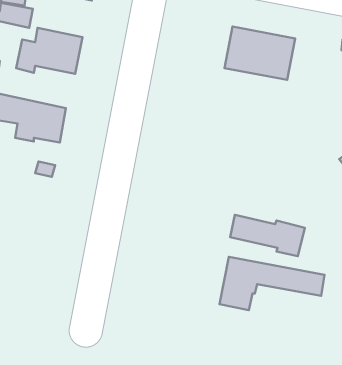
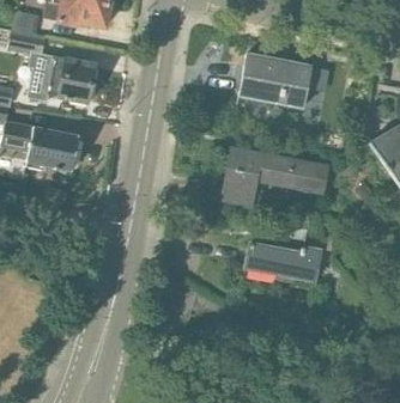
building: [219,257,325,310] -> [223,149,329,203]

